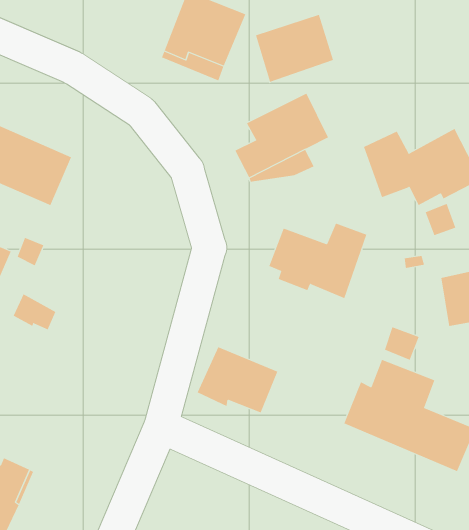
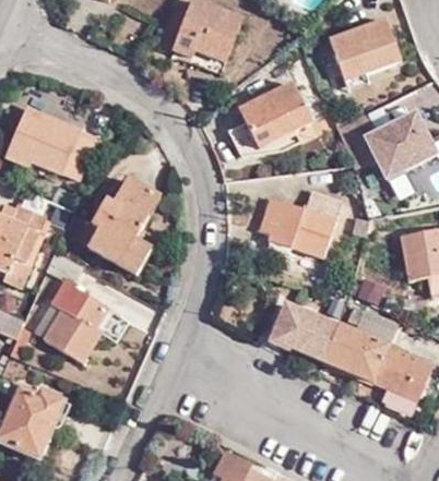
building: [255,14,334,82] -> [332,21,398,77]
building: none -> [87,178,159,274]
building: none -> [44,280,107,362]
building: [197,346,278,413] -> [269,303,336,359]

